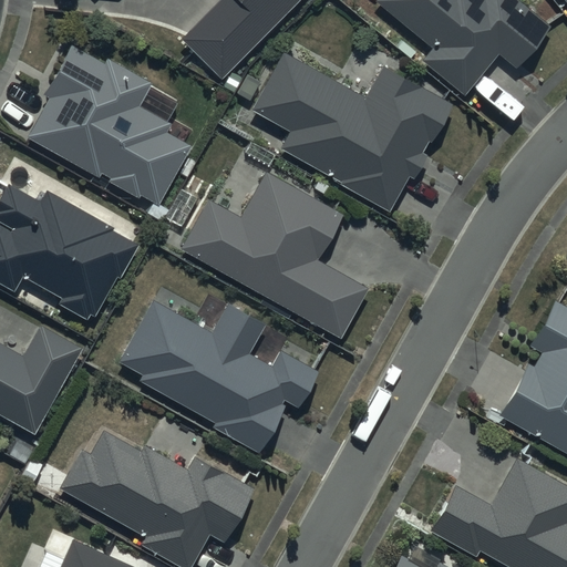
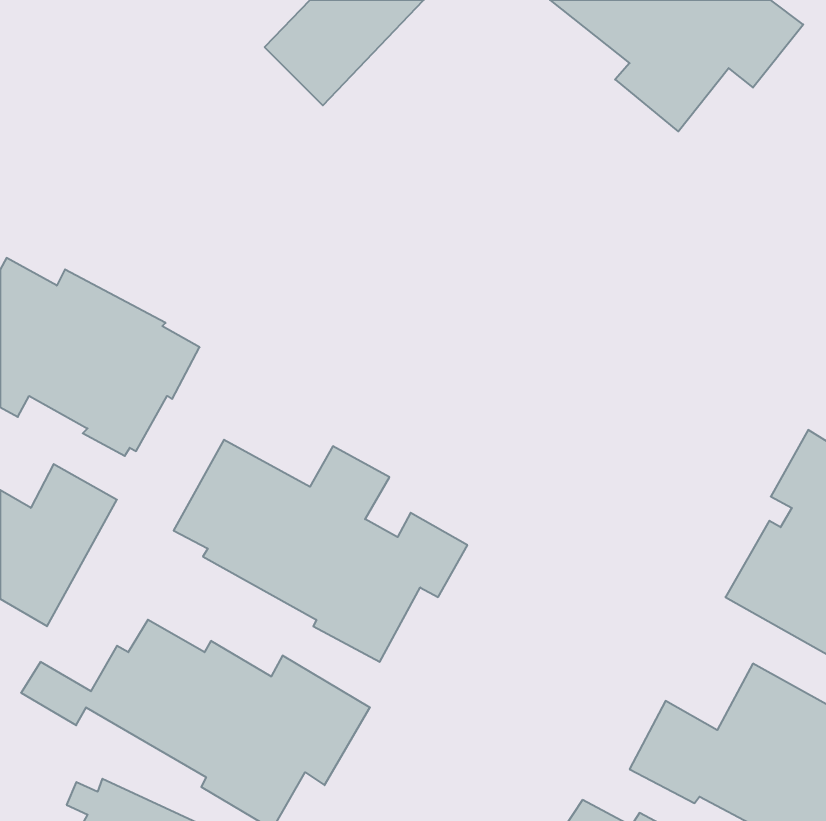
building: [27,44,192,224] -> none
building: [251,50,455,210] -> none
building: [182,169,369,338] -> none

